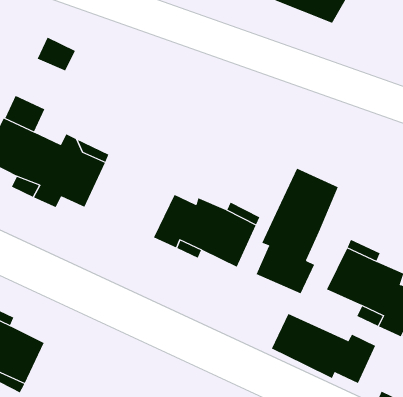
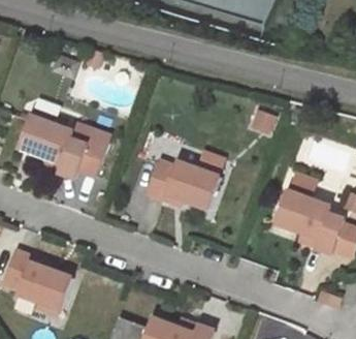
building: [256,168,339,294] -> none
building: [271,313,376,384] -> none

